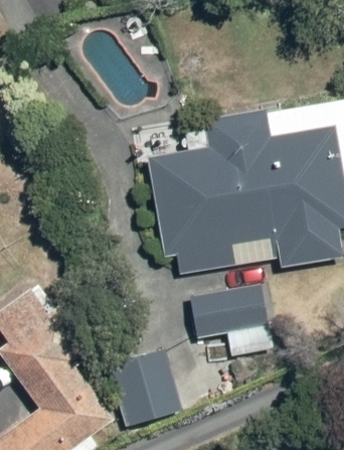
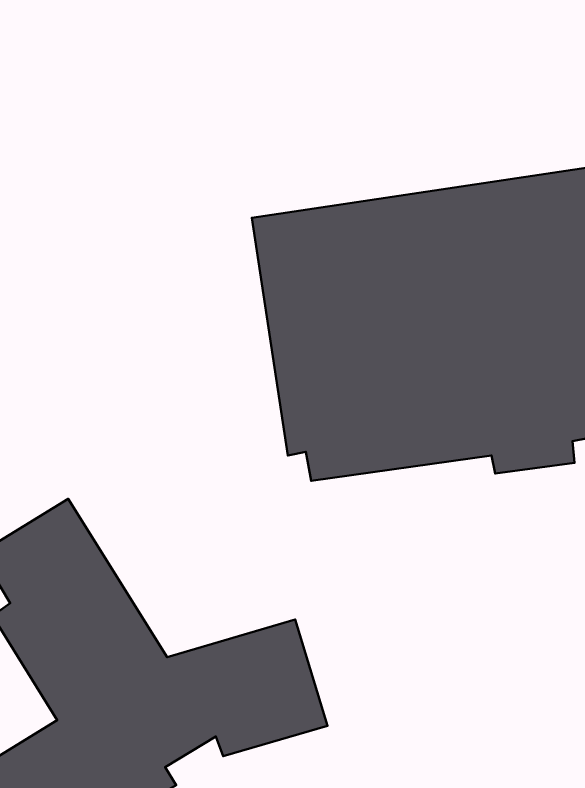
building: [190,289,276,358] -> none

